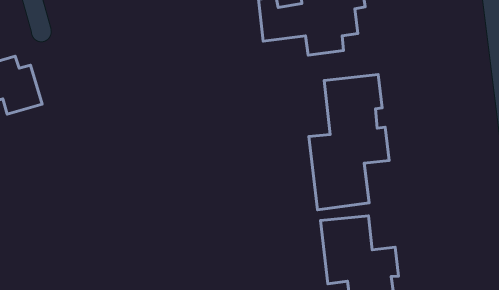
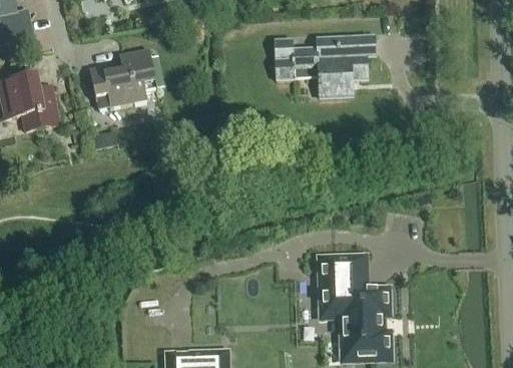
building: none -> [89,48,157,108]
building: [309,74,389,210] -> none

